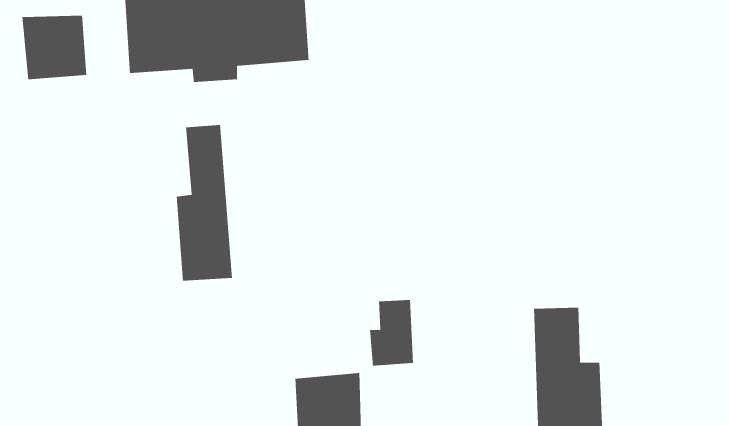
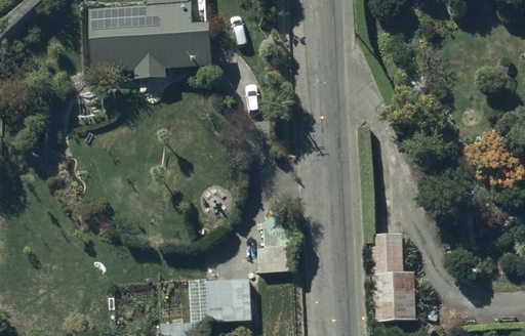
building: [21,15,87,80] -> none
building: [176,124,233,281] -> none

